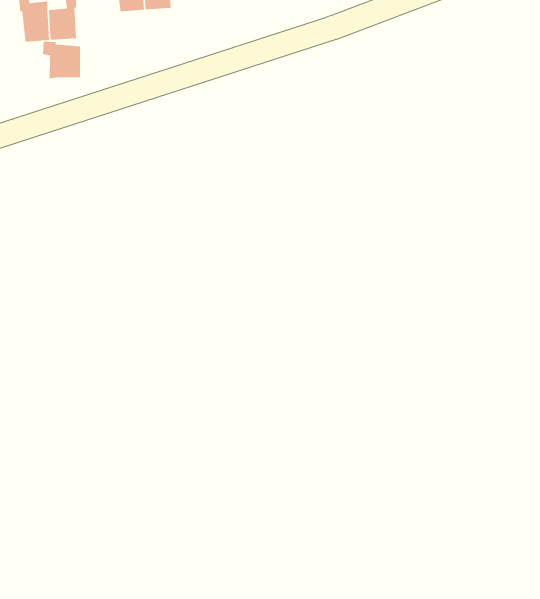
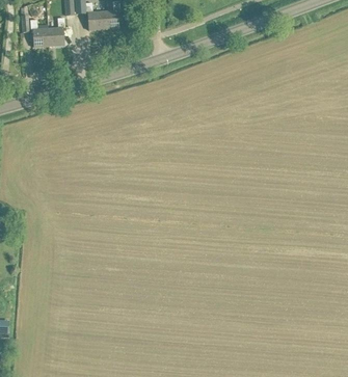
building: [42,41,80,79] -> none

